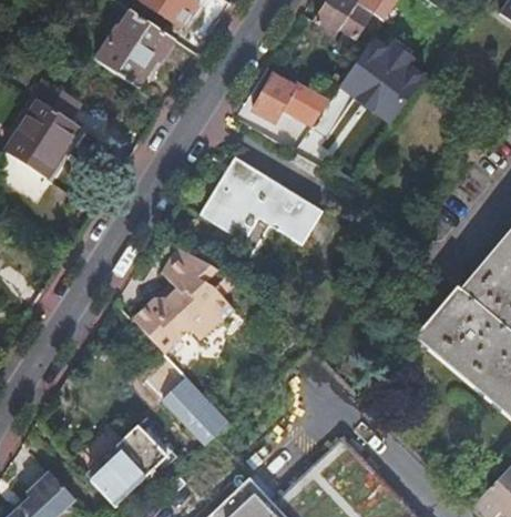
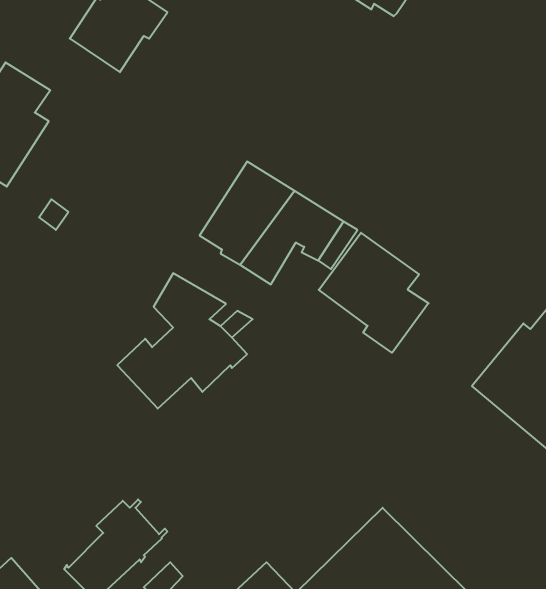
building: [339,39,425,123] -> none
building: [252,75,328,125] -> none
building: none -> [319,233,429,353]
building: [163,378,231,446] -> none

